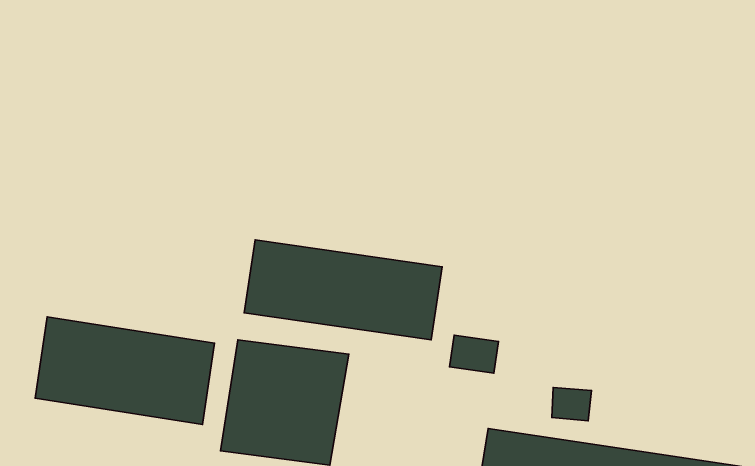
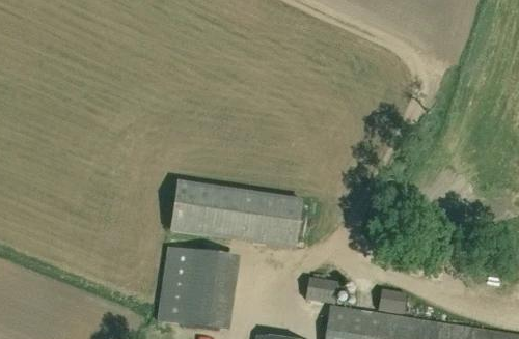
building: [35,317,215,425] -> none
building: [449,335,499,373] -> [306,277,338,302]

